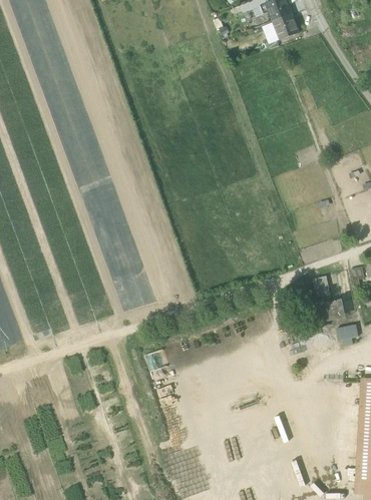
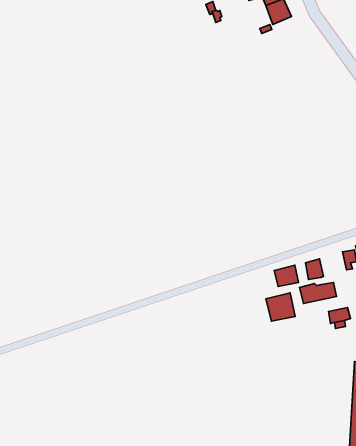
building: none -> [274,265,299,287]
building: none -> [266,293,295,321]

